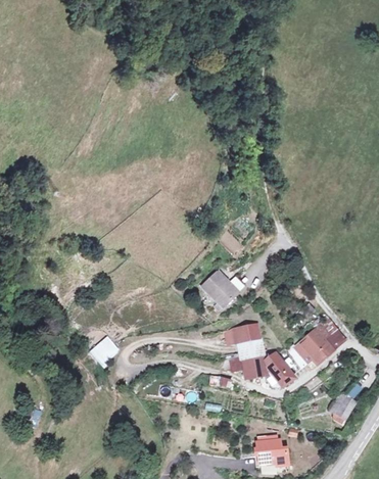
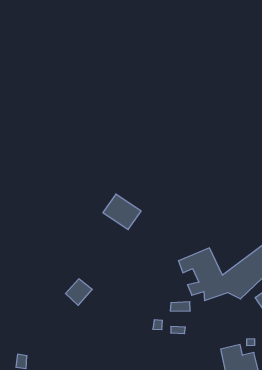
building: [200,268,243,309] -> [103,194,141,230]

